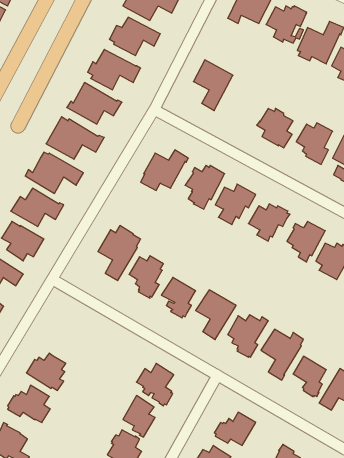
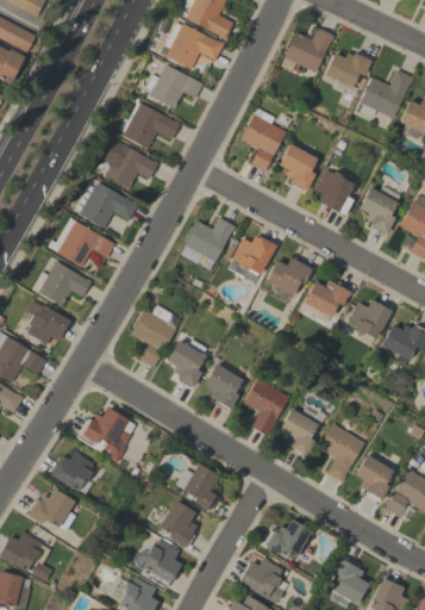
building: none -> [279,143,318,189]
building: none -> [77,407,135,461]

